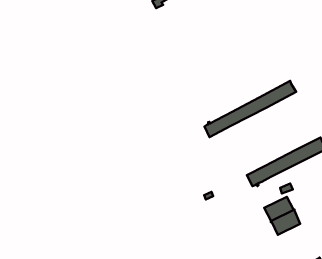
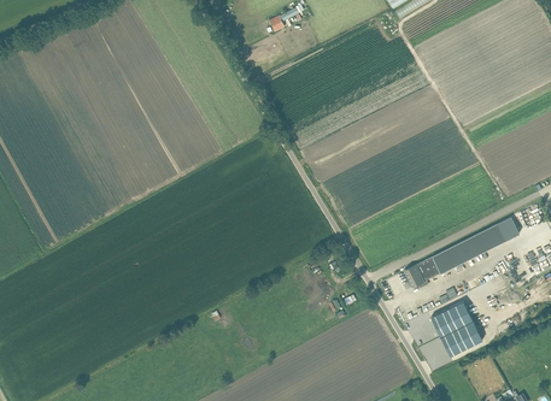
building: [204,81,296,137] -> none

